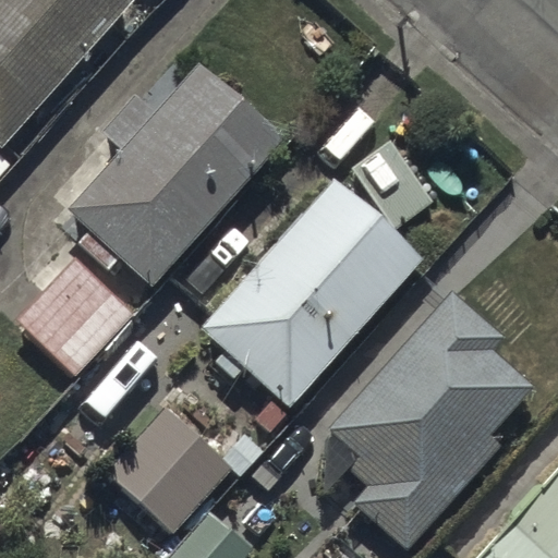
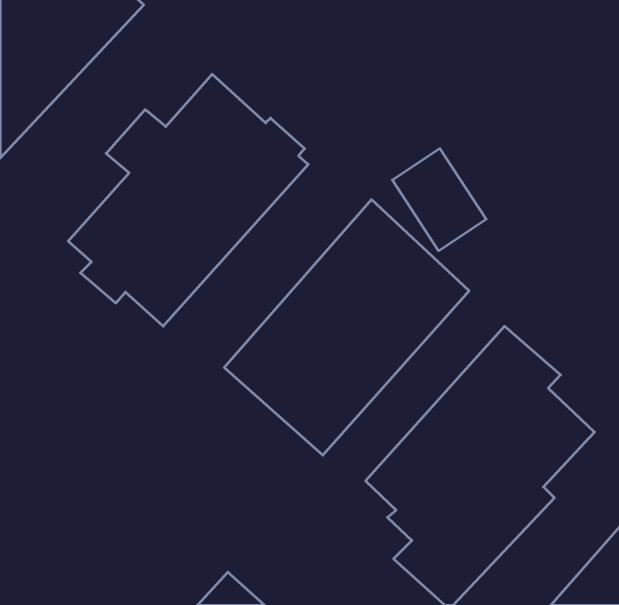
building: [14,262,131,378] -> none
building: [104,407,230,533] -> none

